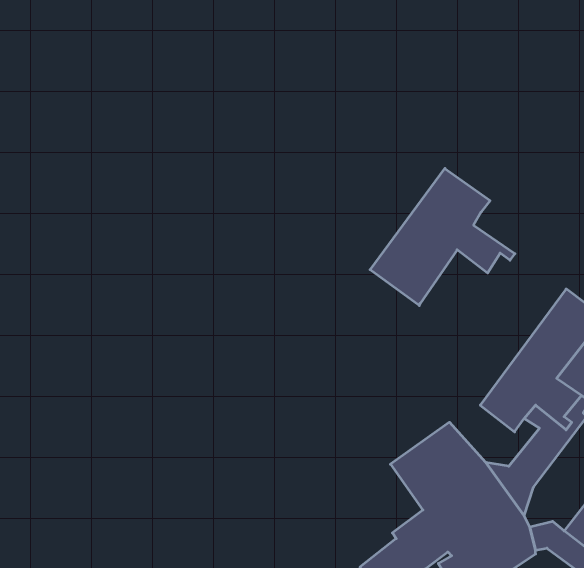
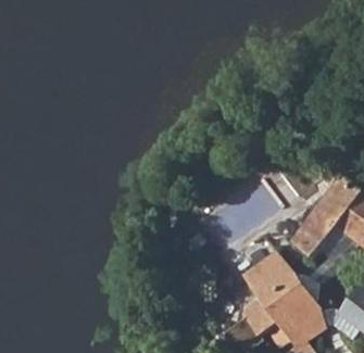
building: [370,168,515,306] -> none

